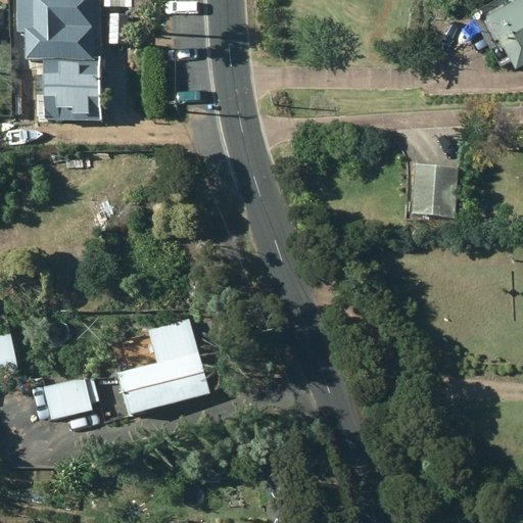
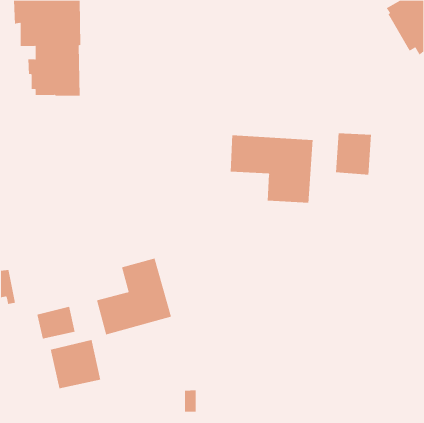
building: none -> [230,135,313,204]
building: none -> [50,339,101,389]

